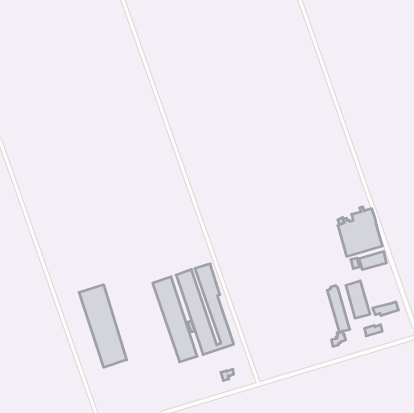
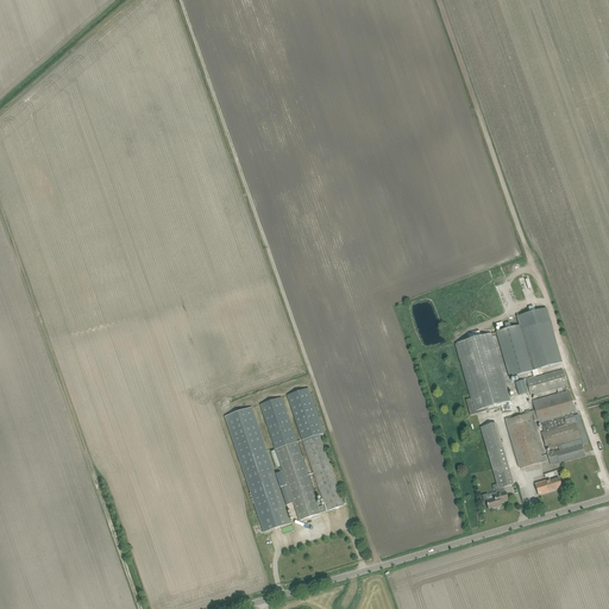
building: none -> [453,328,509,414]
building: none -> [532,389,579,447]
building: [79,285,127,367] -> none

